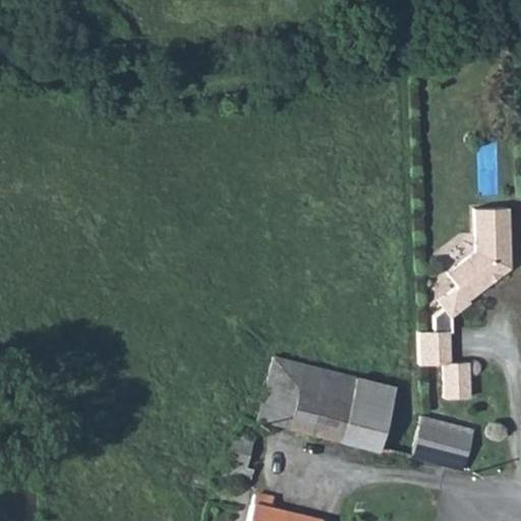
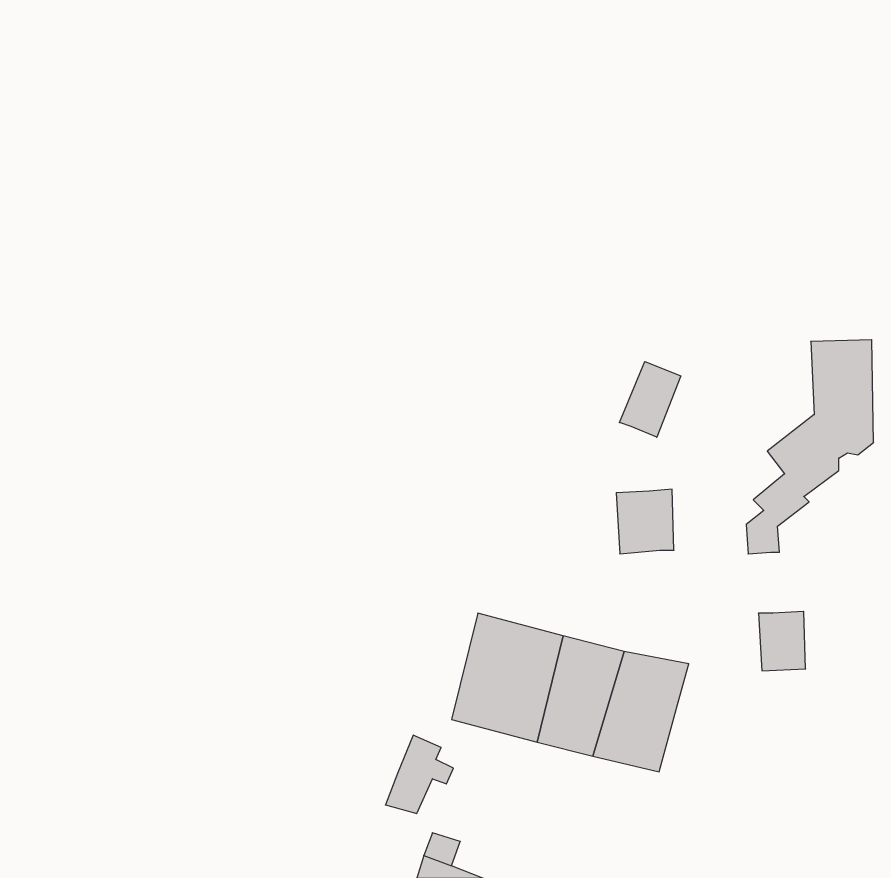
building: none -> [619,362,681,437]
building: [417,323,451,360] -> [616,489,674,554]
building: [416,418,480,472] -> none

